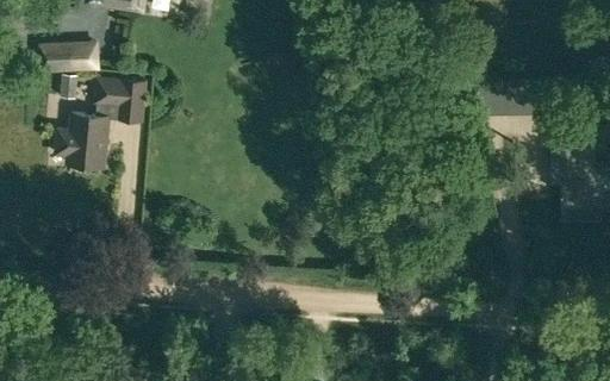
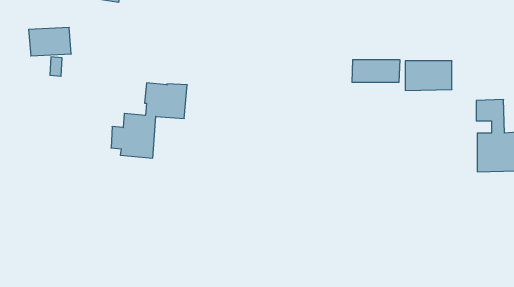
building: none -> [352,60,400,82]
building: [57,80,147,168] -> [111,83,187,158]

